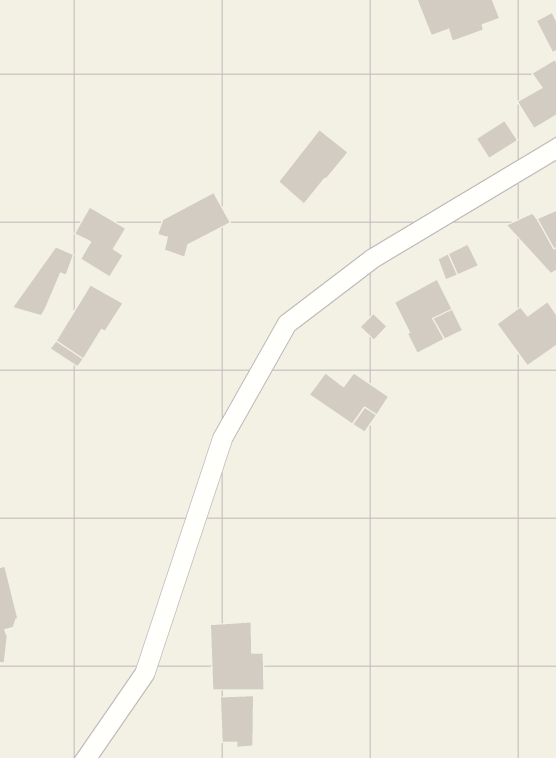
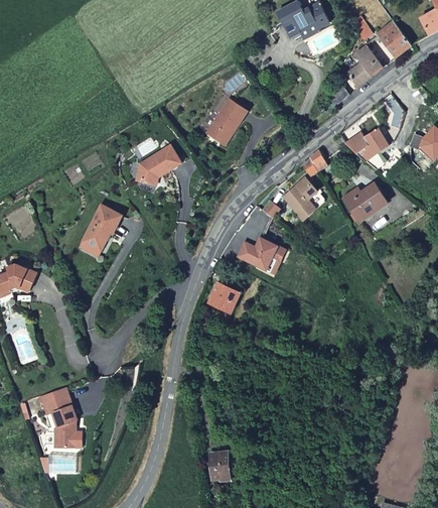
building: [74,207,126,277] -> none
building: [13,247,73,316] -> none
building: none -> [209,283,239,314]
building: [210,622,264,690] -> none

